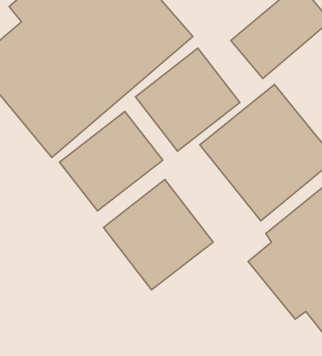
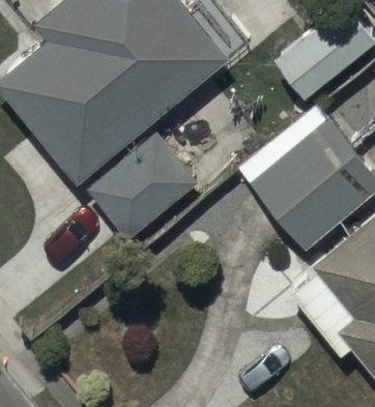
building: [135,48,240,151] -> none
building: [103,180,213,290] -> none

